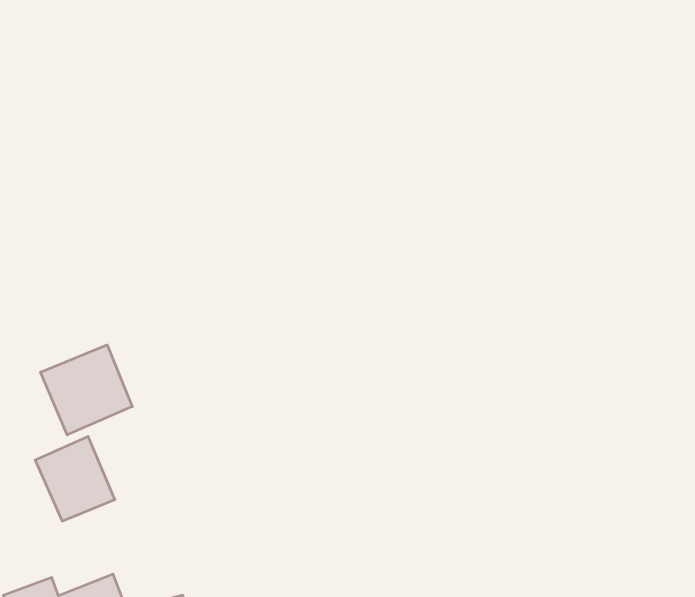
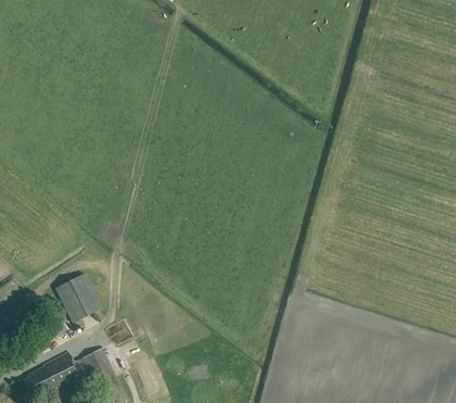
building: [41,345,132,435] -> none

